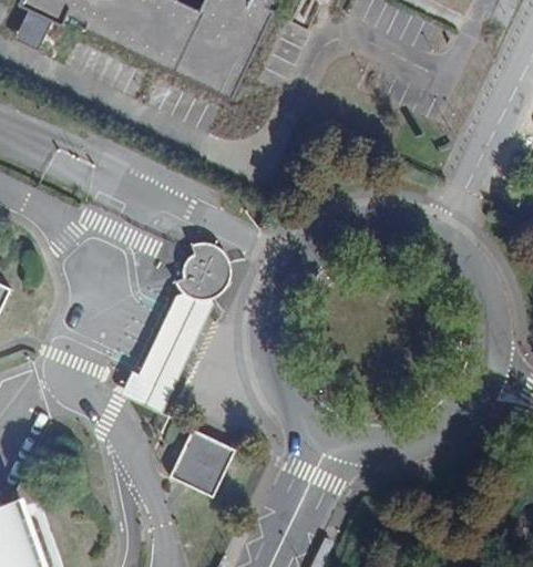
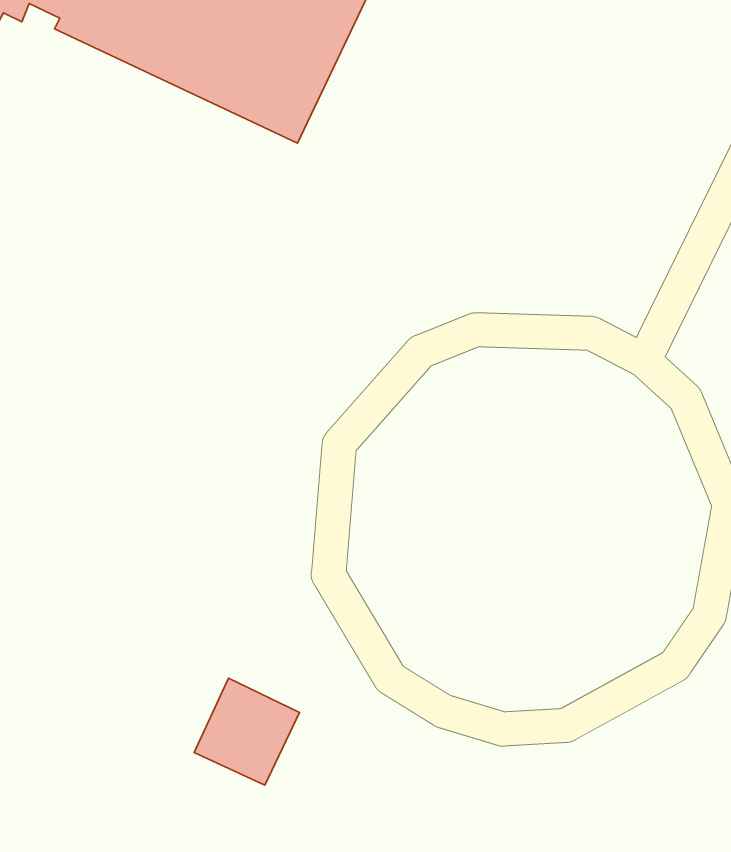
building: [120,240,228,412] -> none

